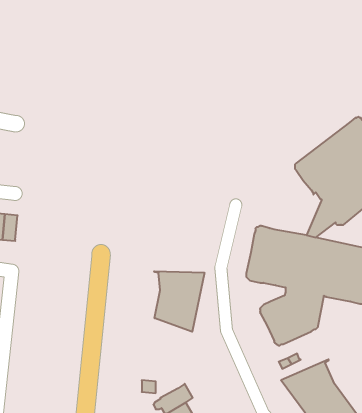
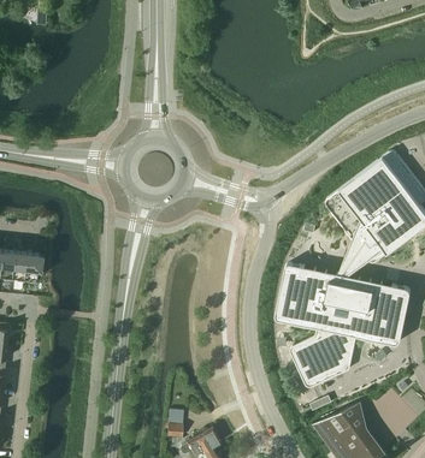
building: [154,271,204,332] -> none

